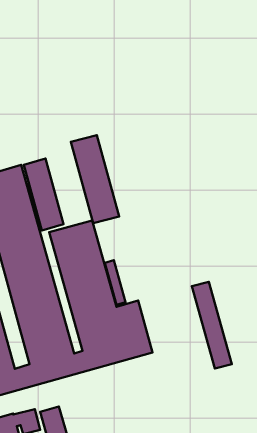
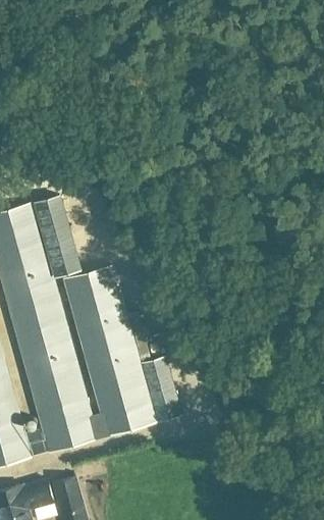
building: [71,135,119,223] -> none
building: [192,282,232,368] -> none

